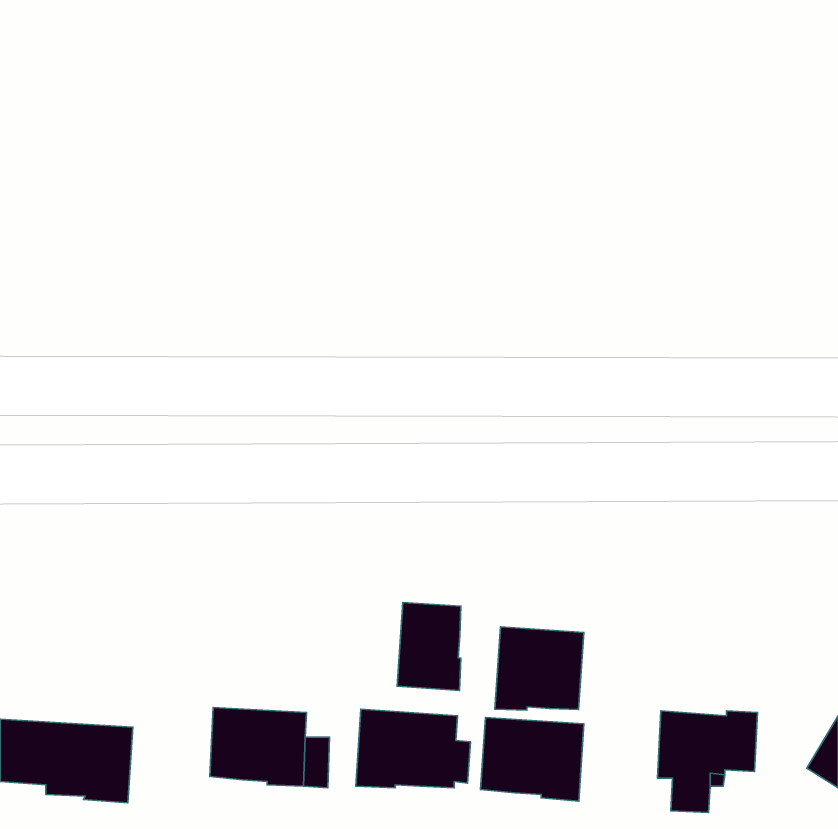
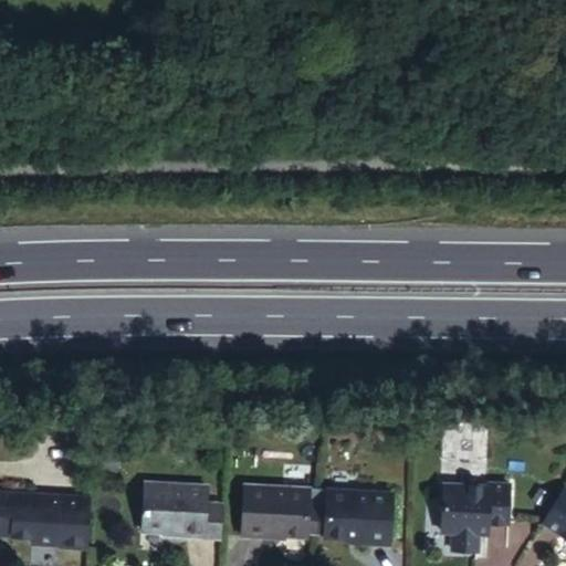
building: [397,603,461,690] -> none
building: [495,627,584,710] -> none

